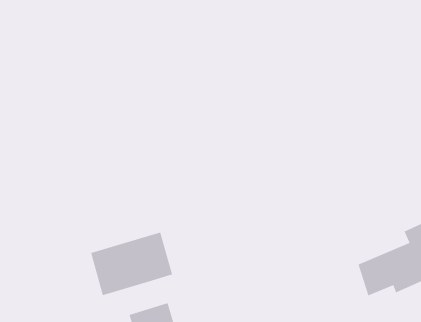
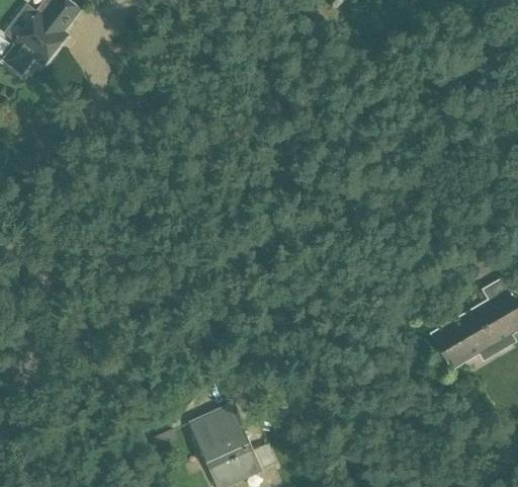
building: [90,232,173,296] -> none

